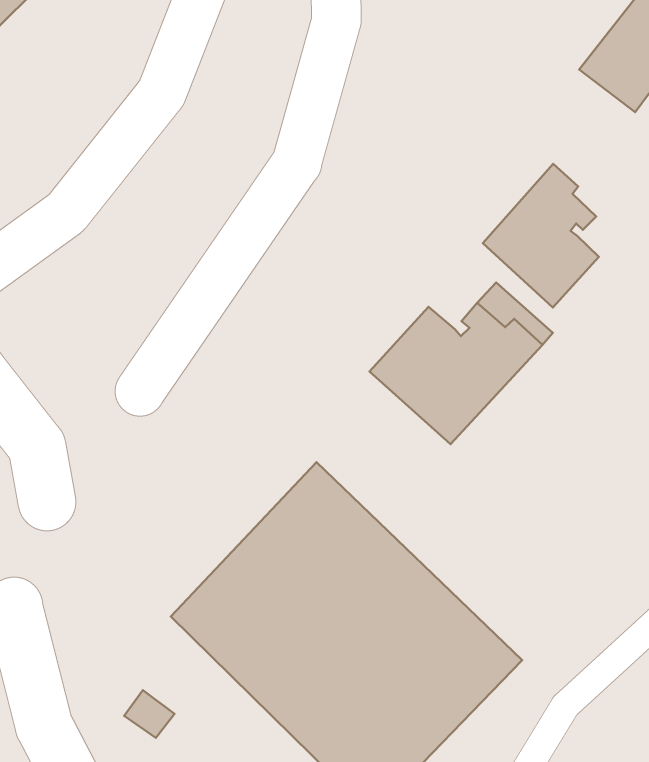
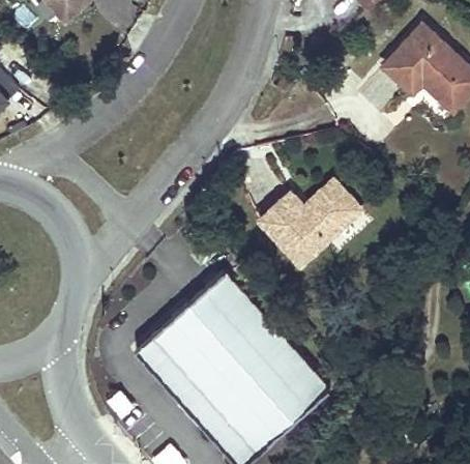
building: [483,164,599,307] -> none

